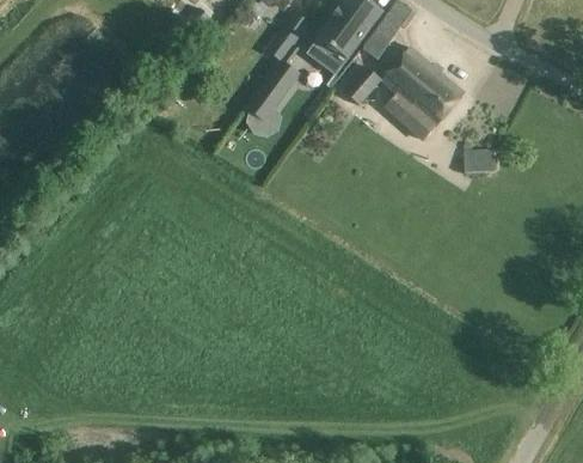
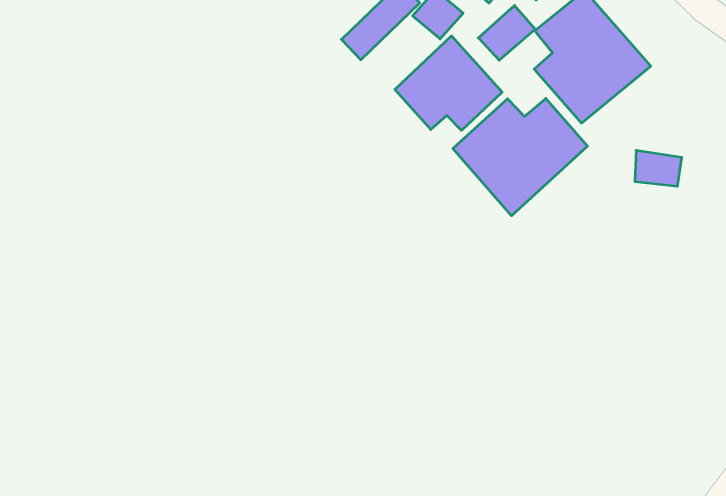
building: none -> [395,36,502,130]
building: none -> [453,98,587,216]

